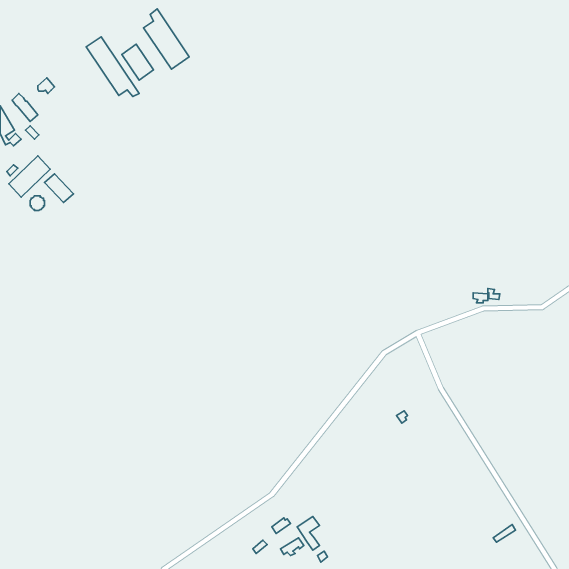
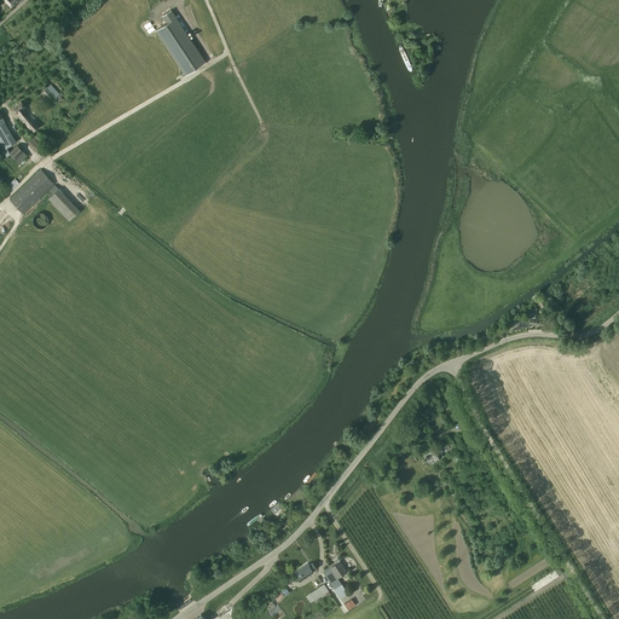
building: [86,37,139,97] -> none
building: [122,44,154,80] -> none

